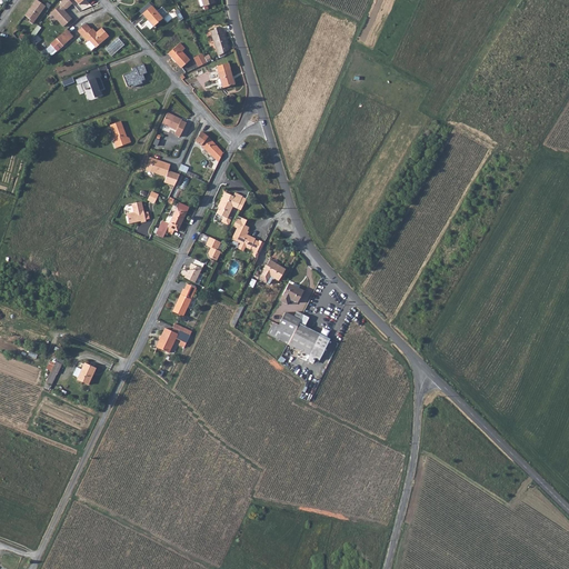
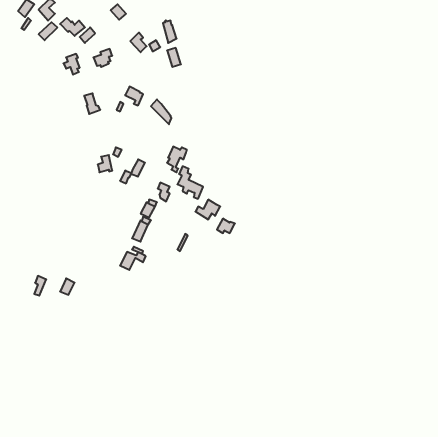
building: [144,158,179,186] -> none
building: [268,310,329,360] -> none

